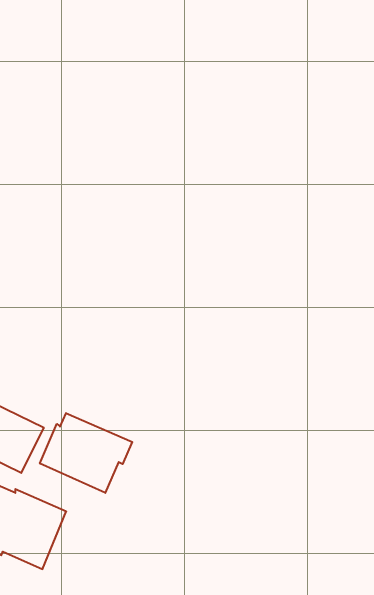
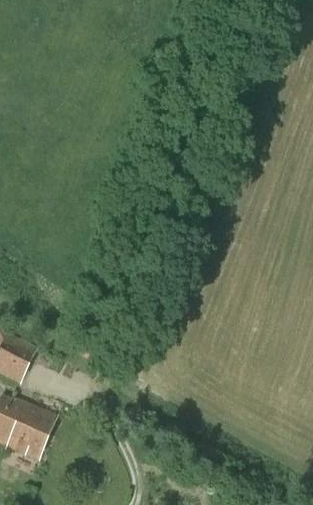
building: [40,413,132,493] -> none

